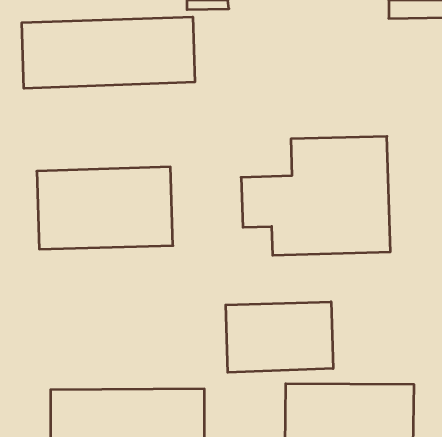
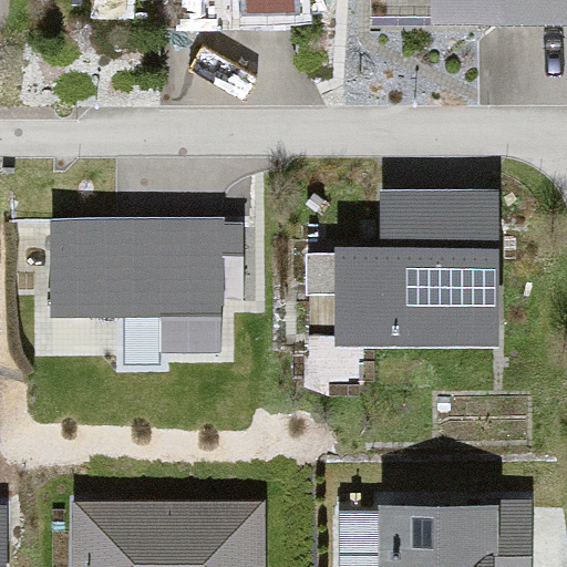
building: [22,17,195,88] -> none
building: [226,302,333,372] -> none

